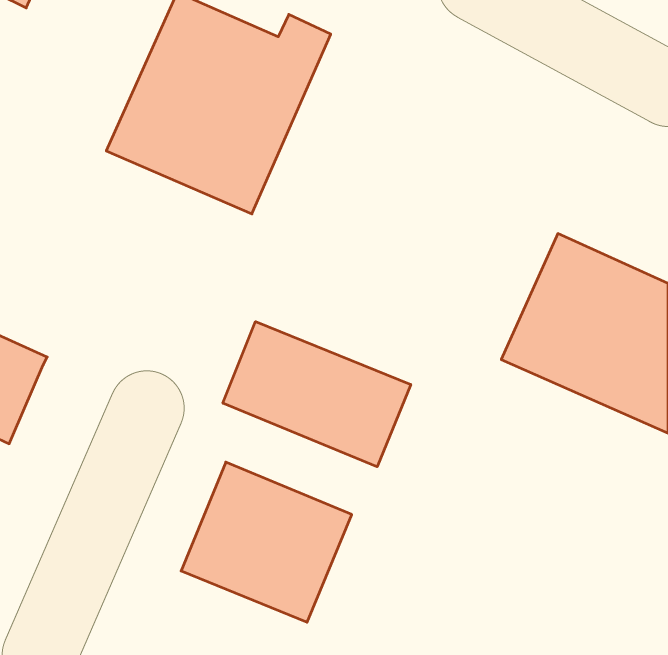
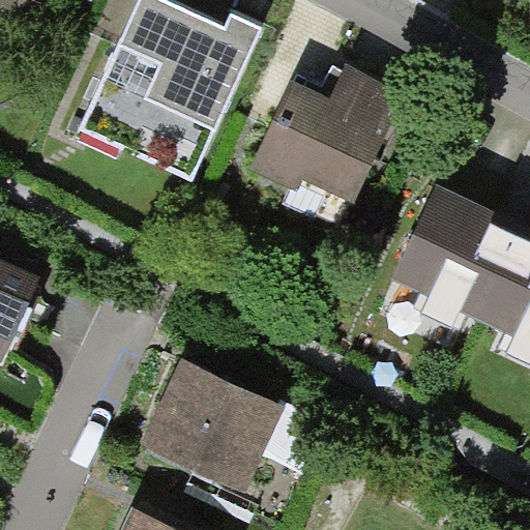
building: none -> [253,59,403,207]
building: [223,322,411,467] -> none

